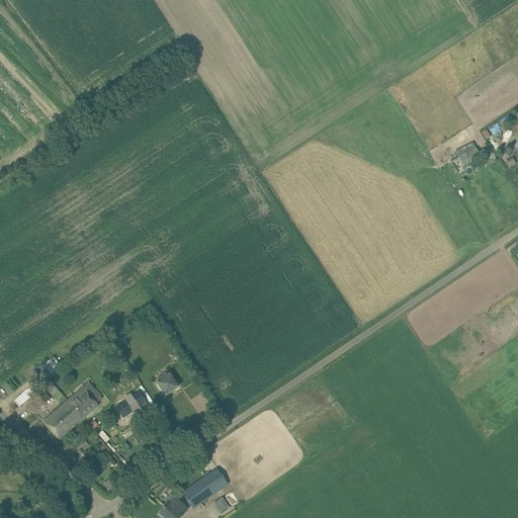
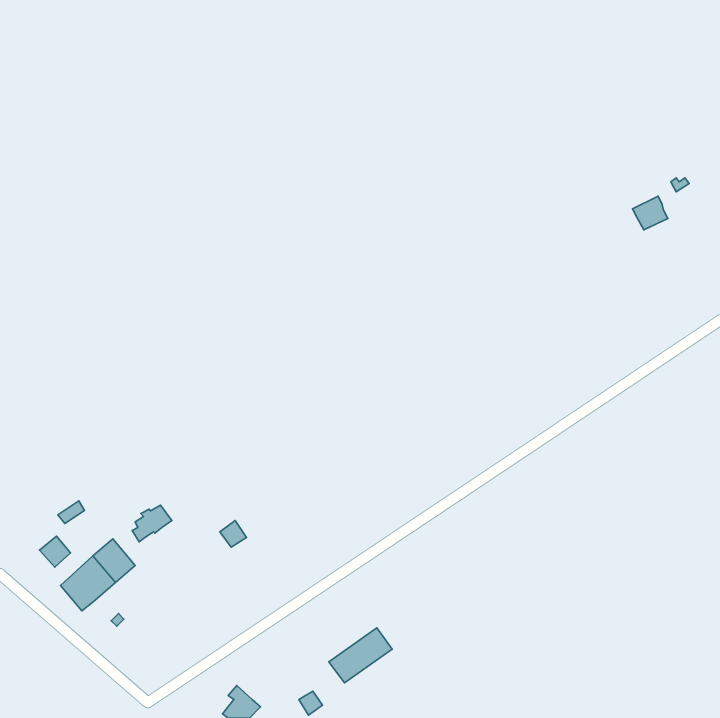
building: [117,391,146,417] -> [132,505,172,542]
building: [182,467,228,507] -> [329,628,392,683]

